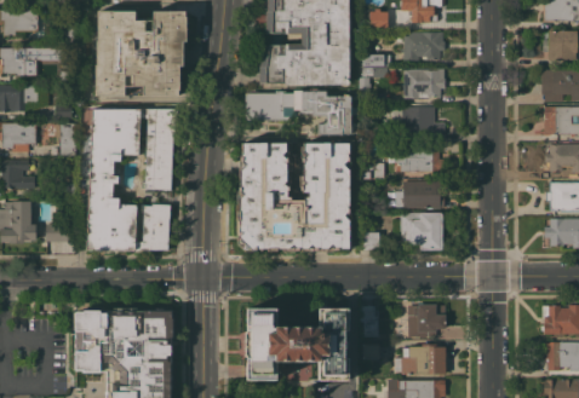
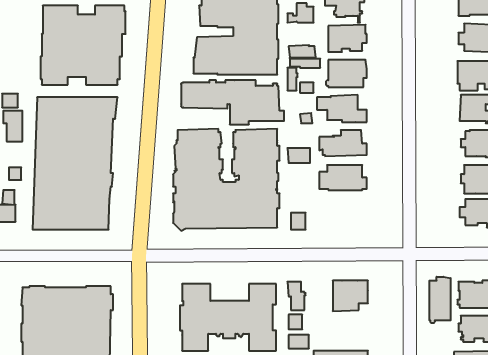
building: [400,213,442,250] -> none
building: none -> [429,277,451,323]
building: [390,342,445,370] -> none

